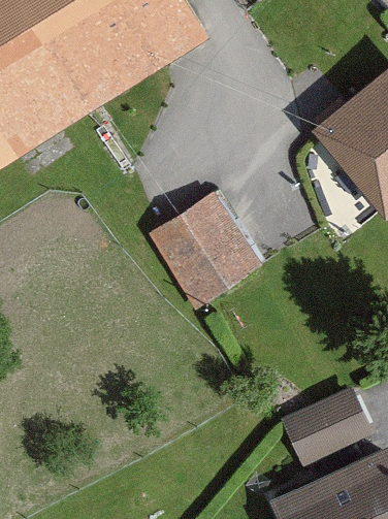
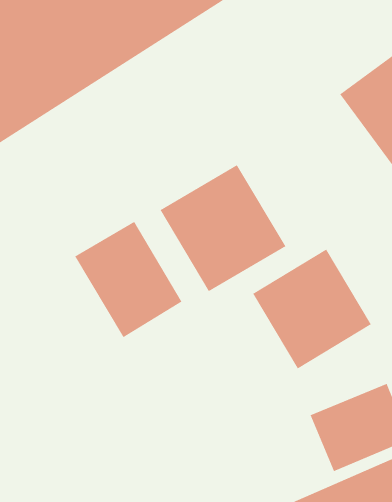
building: none -> [74,221,183,338]
building: none -> [252,248,372,369]

